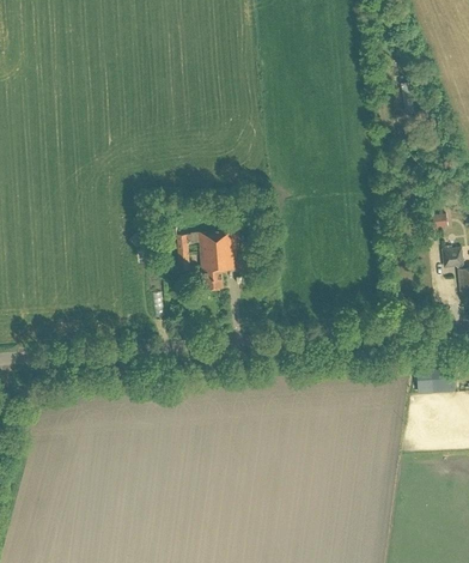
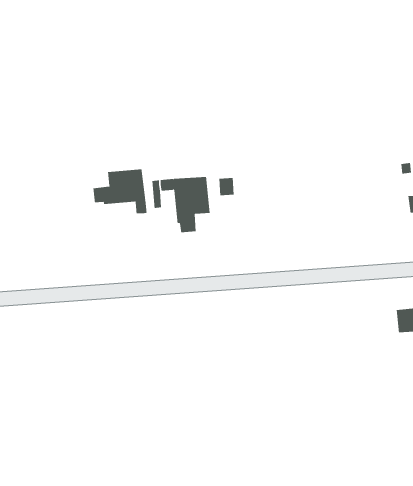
building: none -> [93,168,147,214]

